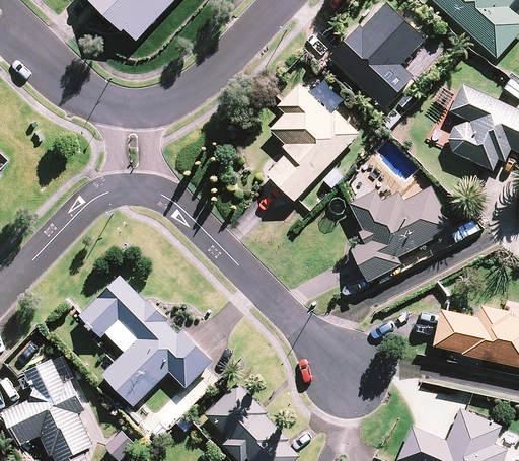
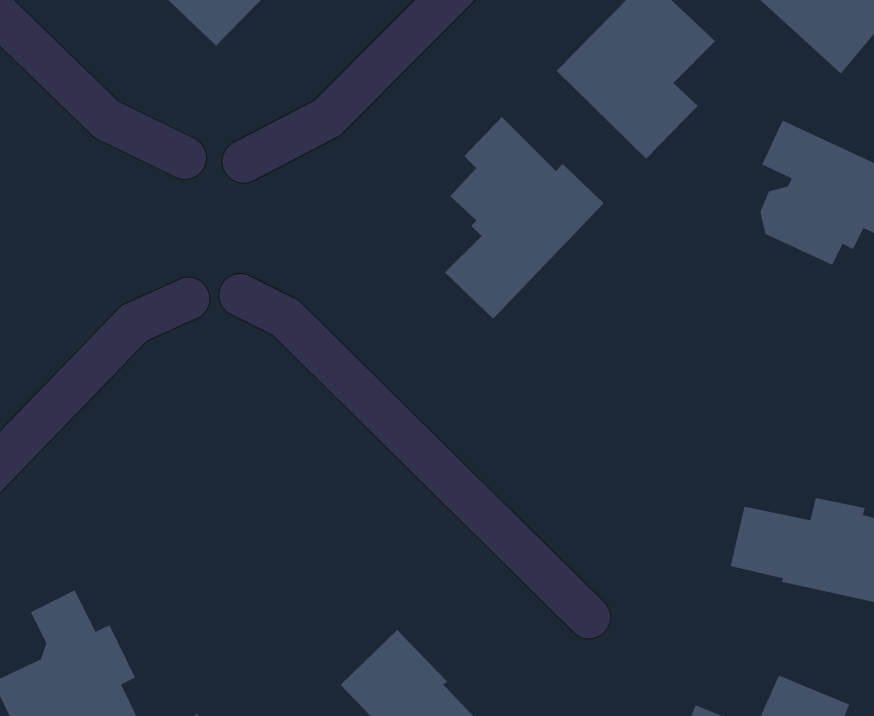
building: [349,186,453,282] -> none
building: [79,276,212,406] -> none

